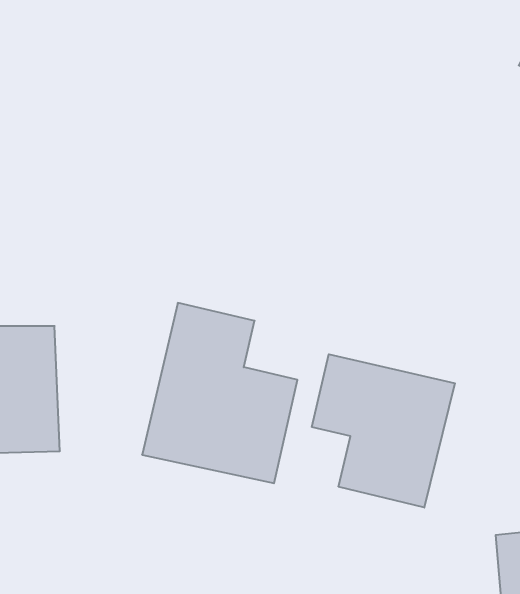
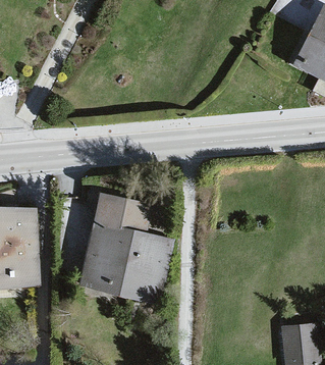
building: [312,354,455,508] -> none

